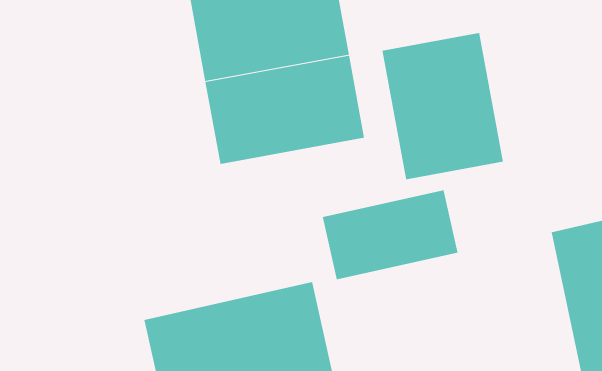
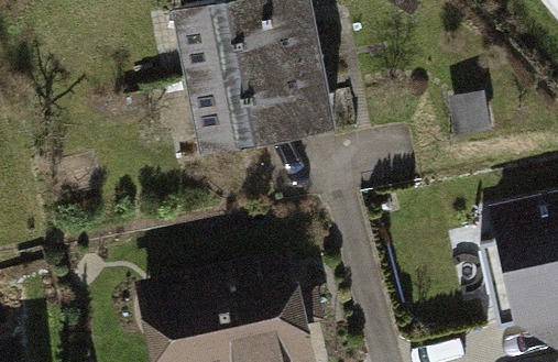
building: [382,32,504,180] -> none
building: [322,189,458,280] -> none

